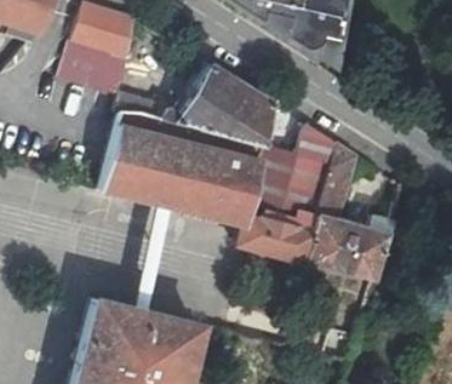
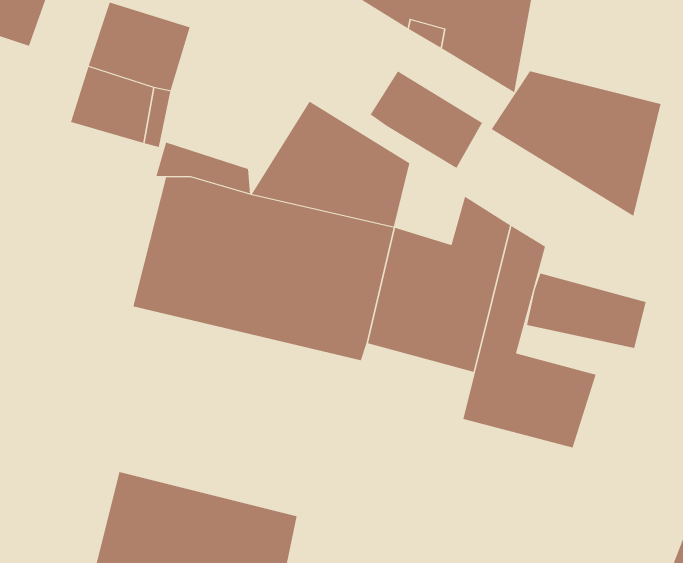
building: none -> [370,70,483,169]
building: none -> [491,71,661,217]
building: [238,216,313,263] -> [526,273,647,348]

